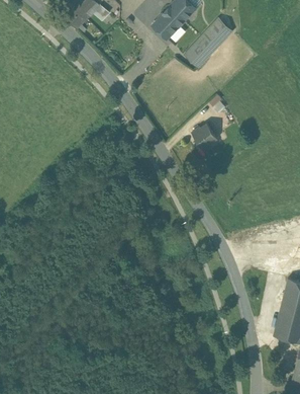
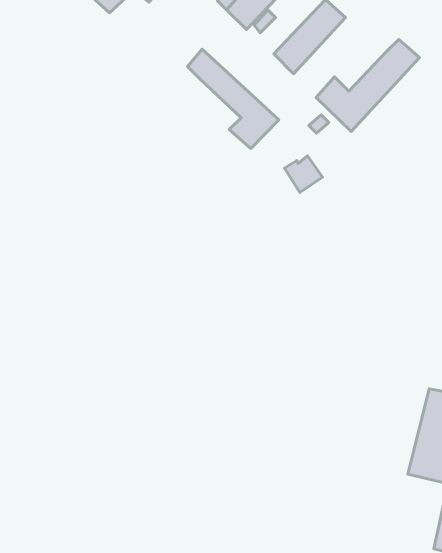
building: none -> [316,39,419,131]
building: none -> [187,49,279,149]

